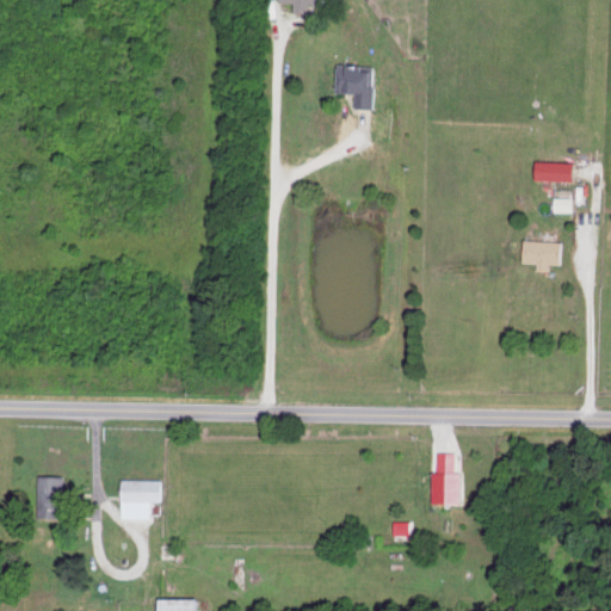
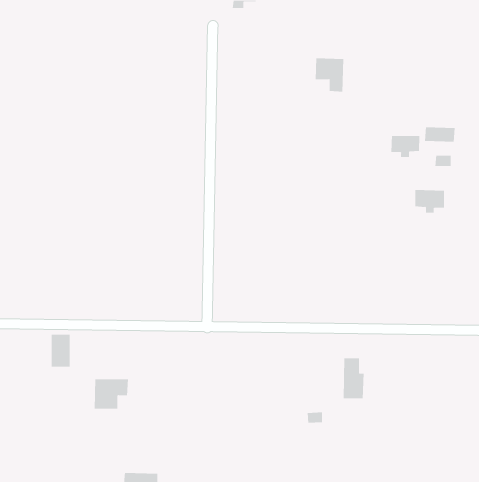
building: [337,67,374,110] -> [315,58,344,92]
building: none -> [391,135,420,158]
building: [38,476,63,518] -> [51,334,71,367]

